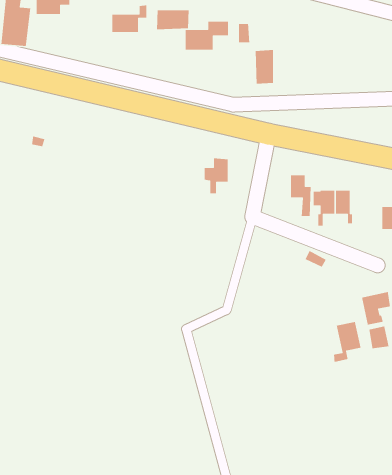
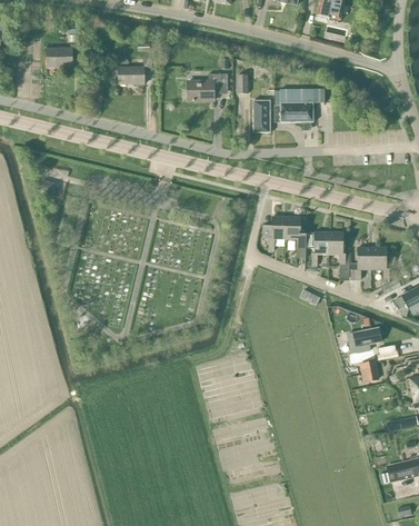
building: [156,9,190,30] -> none
building: none -> [273,88,323,127]
building: [204,158,229,194] -> [262,216,286,250]
building: none -> [350,247,371,278]
building: [333,321,361,363] -> none

